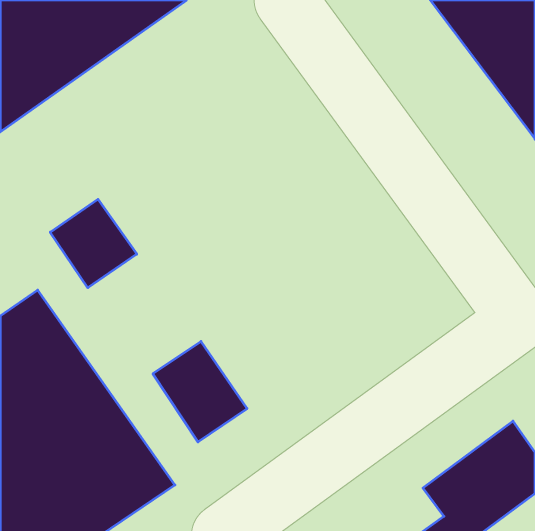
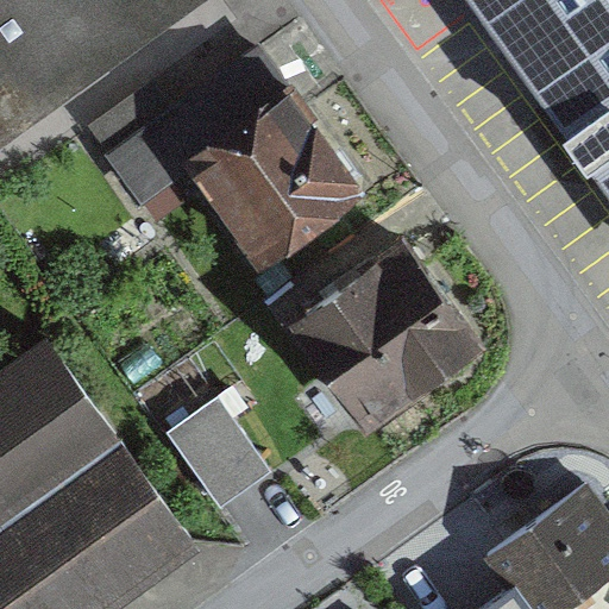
building: none -> [100,45,351,265]
building: none -> [266,231,467,433]
building: [50,199,137,288] -> none

